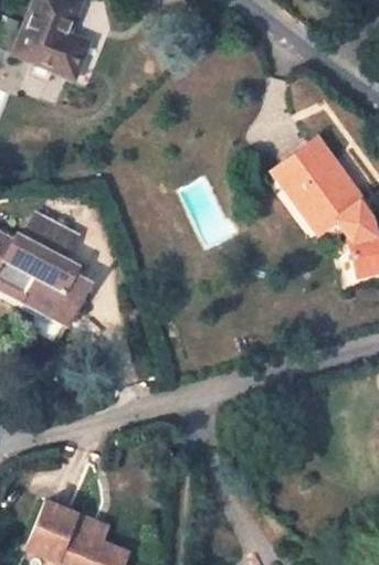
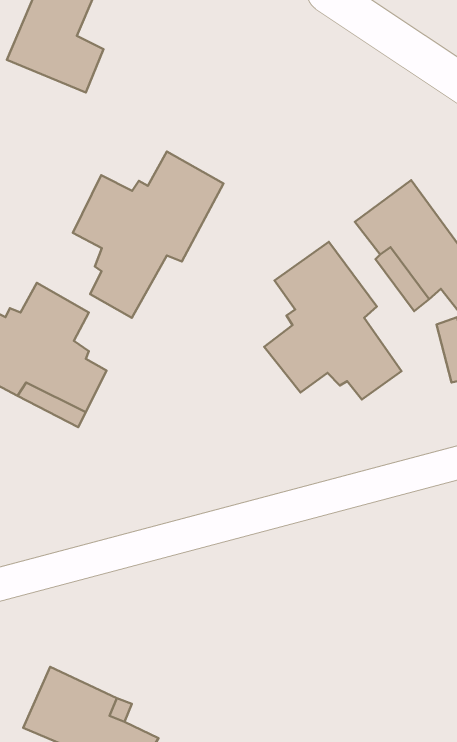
building: none -> [73,151,223,318]
building: none -> [264,242,402,399]

